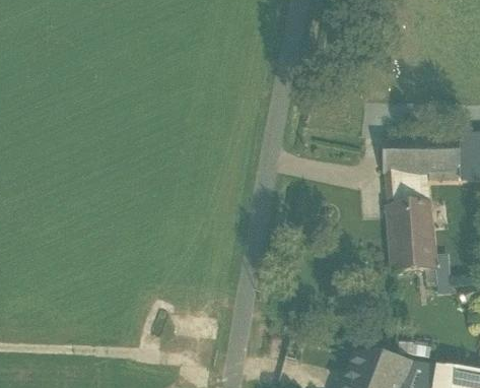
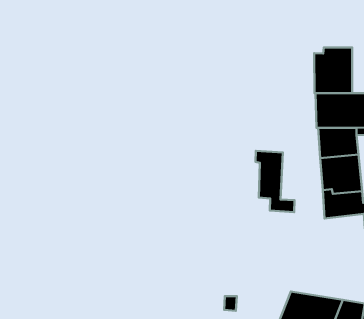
building: none -> [314,48,352,93]
building: none -> [255,151,295,212]

